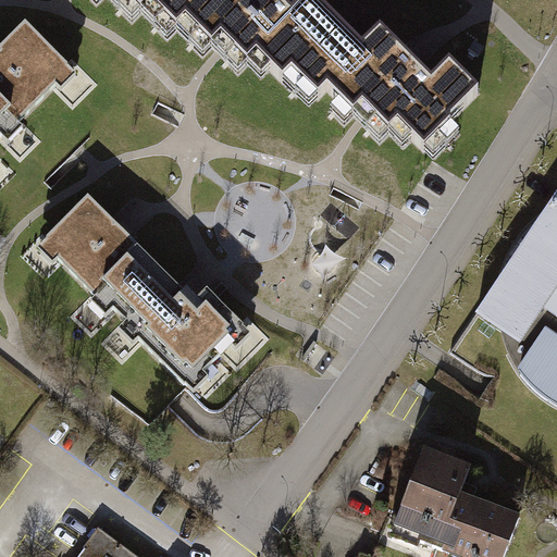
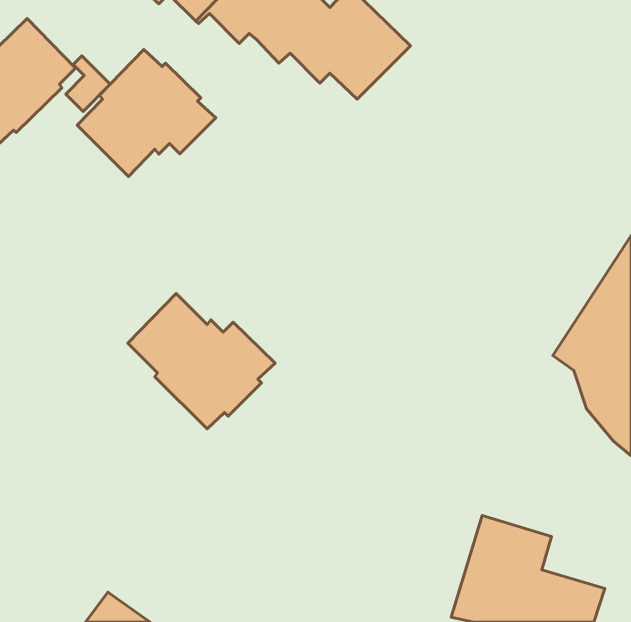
building: [313,23,475,141] -> none
building: none -> [77,50,216,176]
building: [44,190,154,301] -> none

